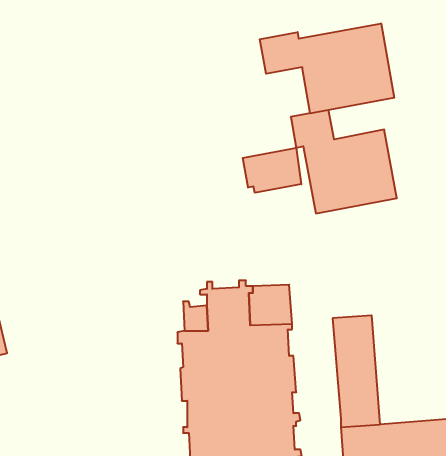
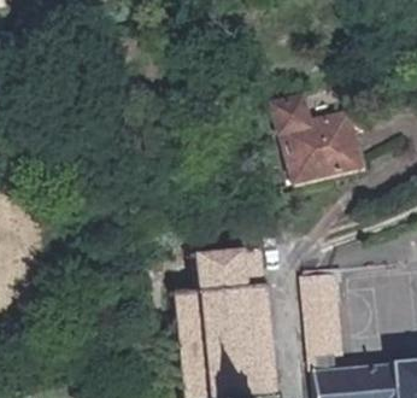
building: [260,23,394,113] -> none
building: [243,148,301,193] -> none

